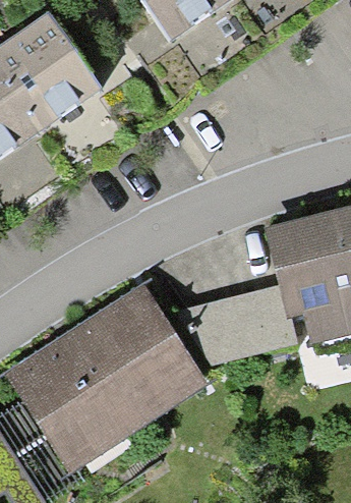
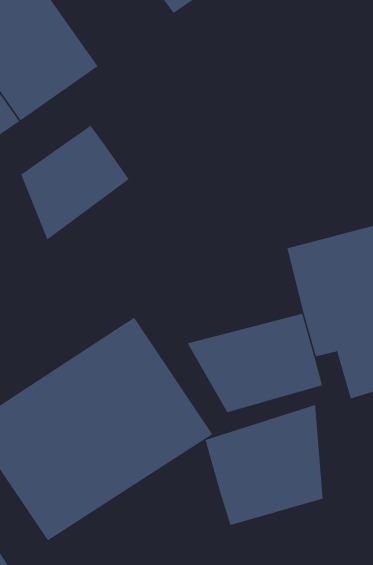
building: none -> [20,125,129,241]
building: none -> [205,404,323,526]

